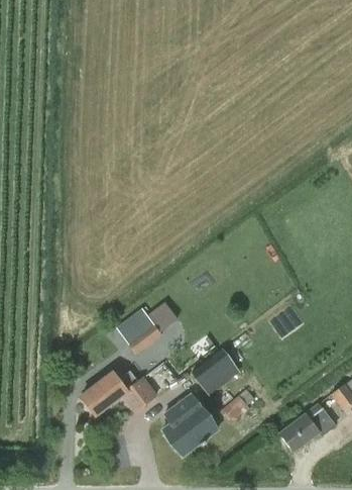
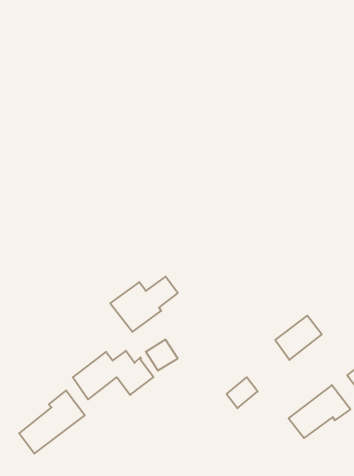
building: [194,350,236,390] -> [275,316,322,360]
building: [163,394,219,456] -> none
building: none -> [19,390,85,454]

